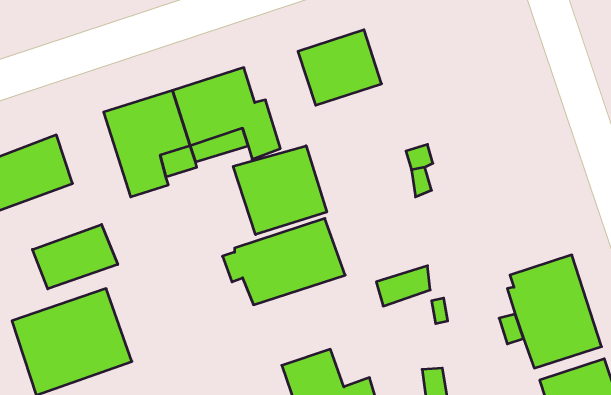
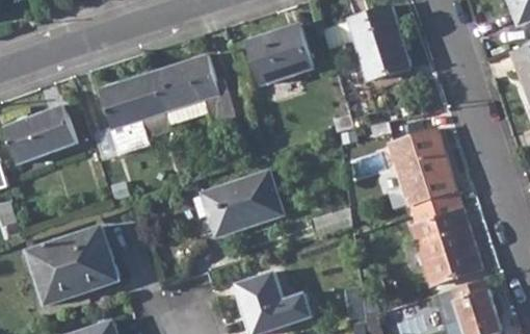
building: none -> [348,5,409,79]
building: [233,146,327,235] -> none
building: none -> [389,127,459,213]
building: [32,224,118,289] -> none

